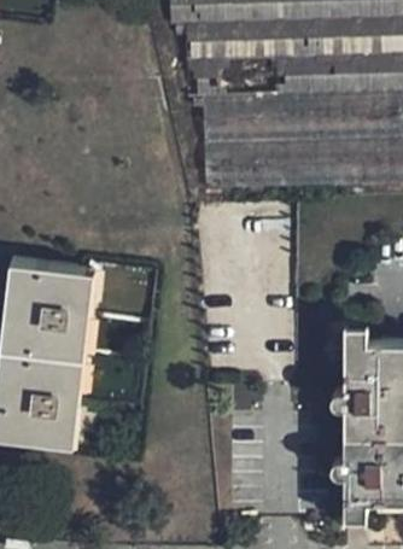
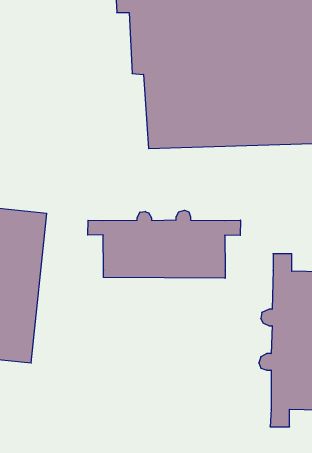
building: none -> [88,210,240,278]

